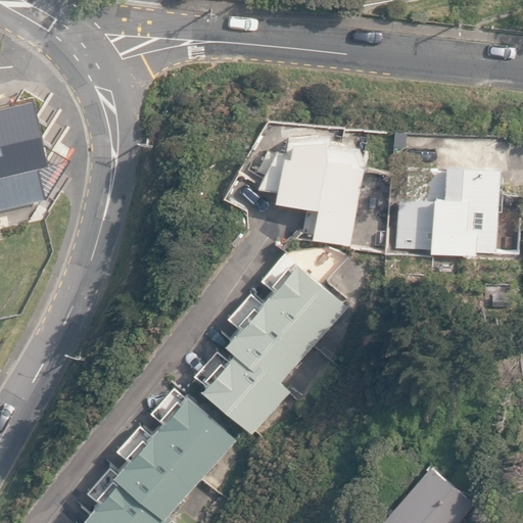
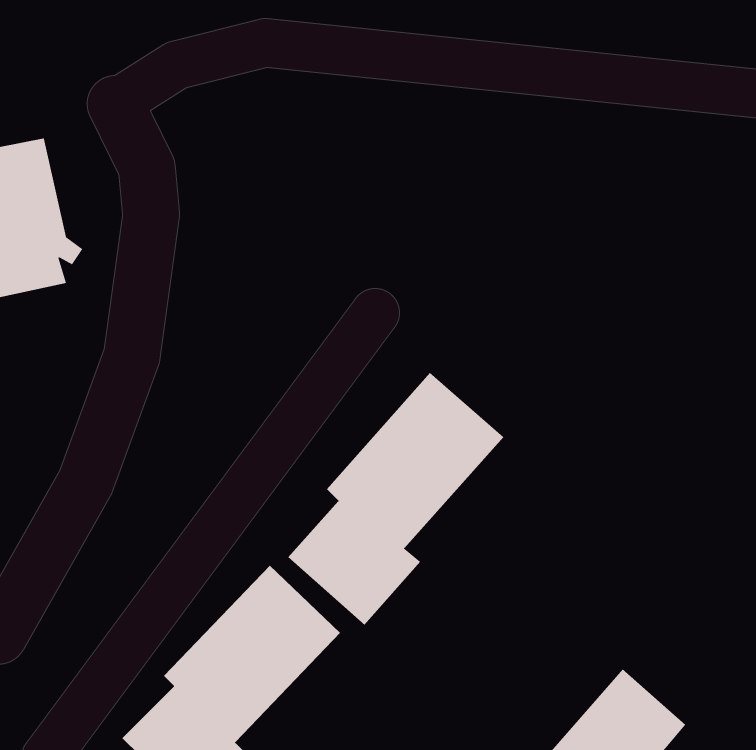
building: [257,132,362,246] -> none
building: [394,167,498,254] -> none

